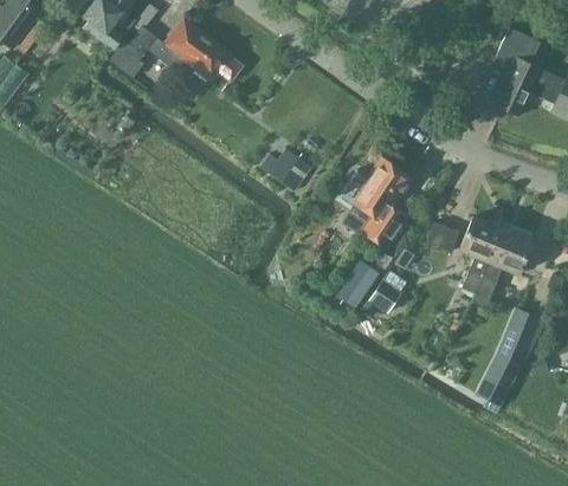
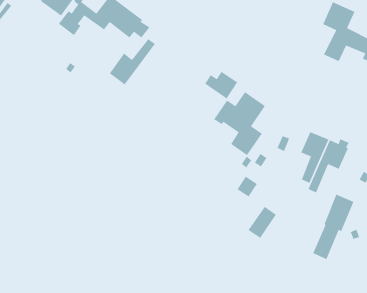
building: none -> [109,38,156,86]
building: [260,149,310,190] -> [204,71,238,99]
building: [336,259,379,307] -> [248,206,277,239]

